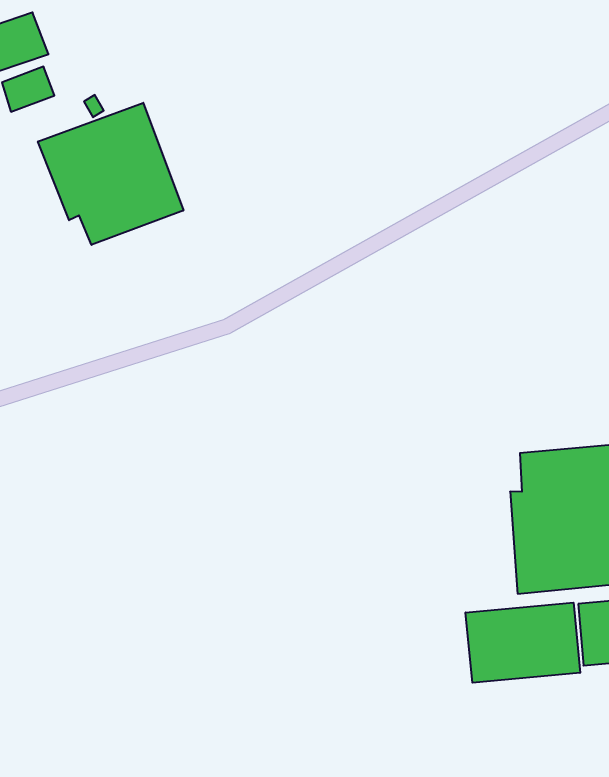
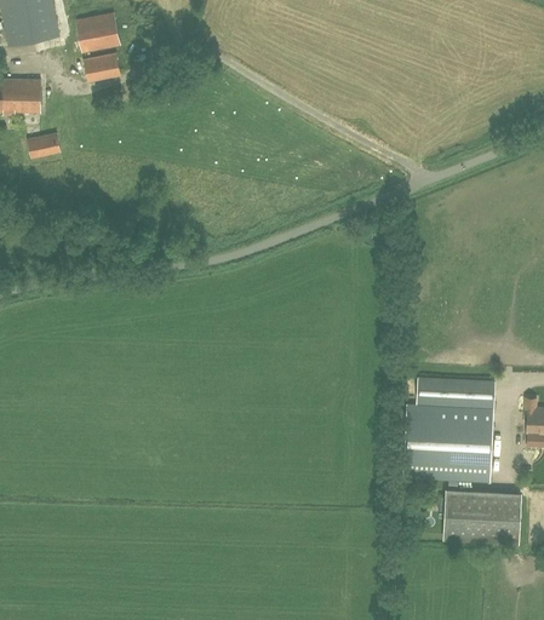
building: [38,103,183,245] -> none
building: [466,603,580,683] -> none

